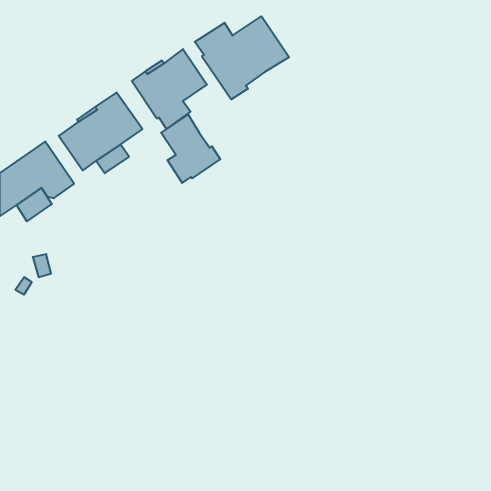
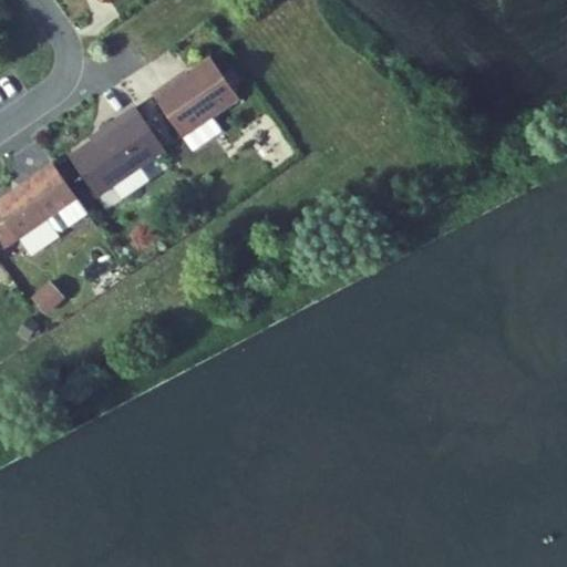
building: [195,16,289,99] -> none
building: [161,114,220,183] -> none

